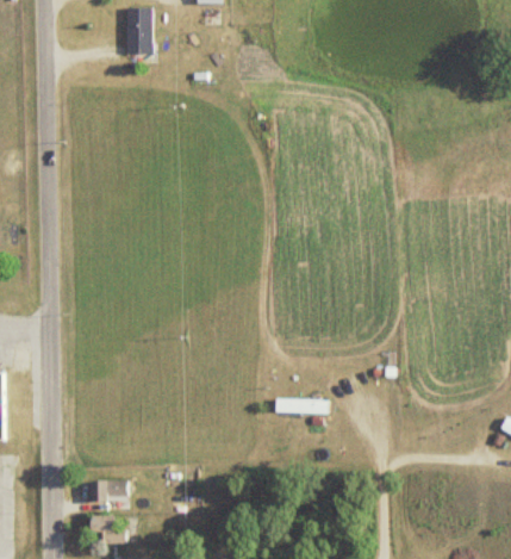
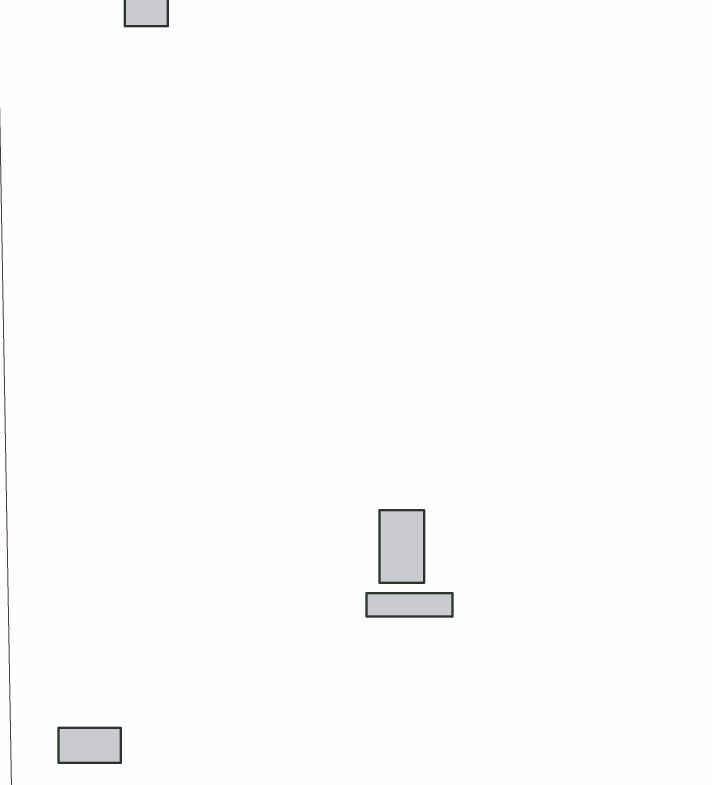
building: none -> [379,510,424,583]

